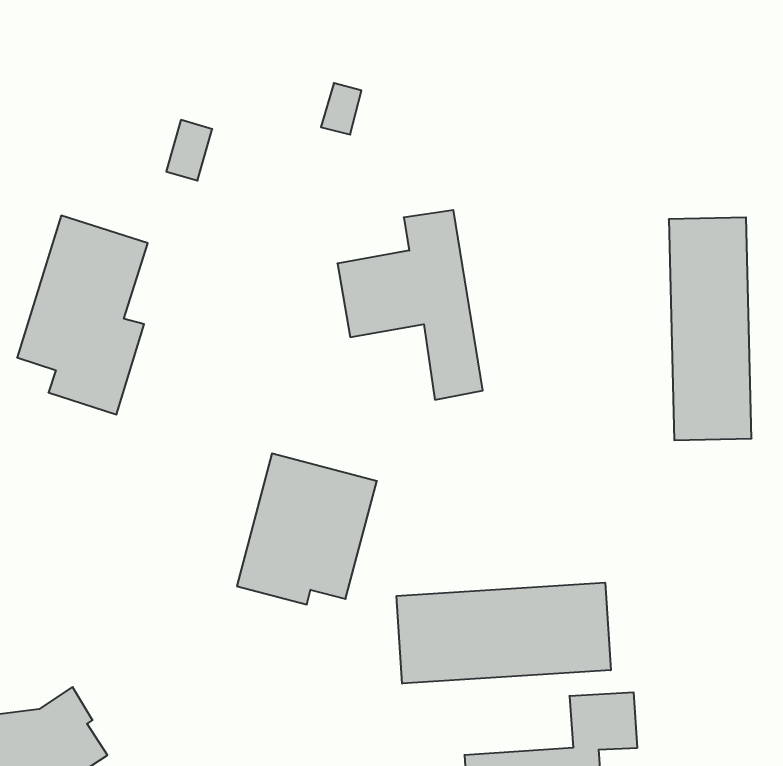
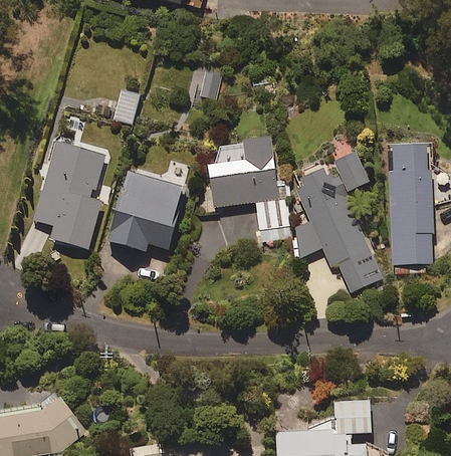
building: none -> [290,154,380,290]
building: [237,453,377,604] -> [108,171,185,253]
building: [397,583,611,684] -> none

